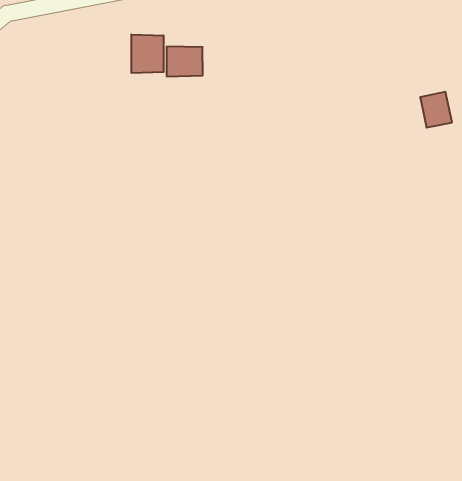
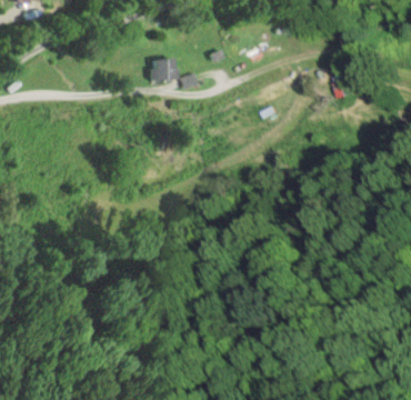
building: [131,34,164,73] -> none

